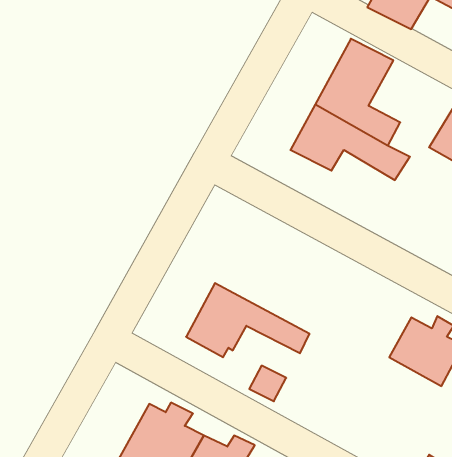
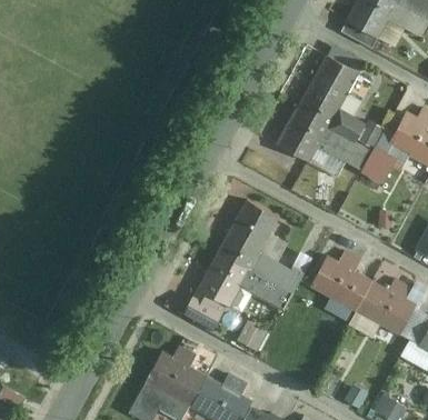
building: none -> [368,144,401,181]
building: none -> [215,199,302,294]
building: none -> [309,251,374,313]
building: none -> [181,297,221,330]

